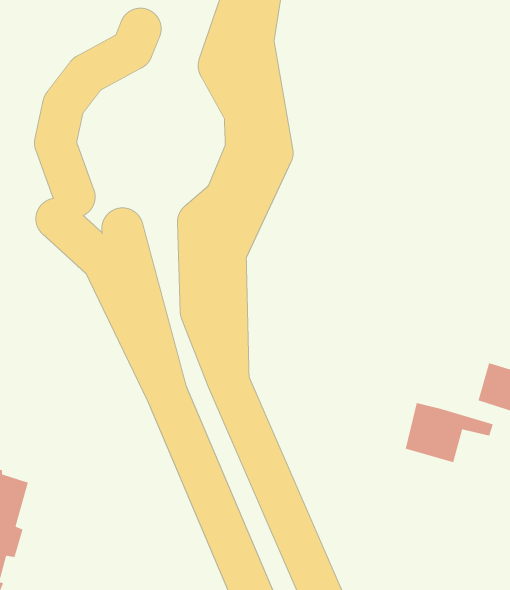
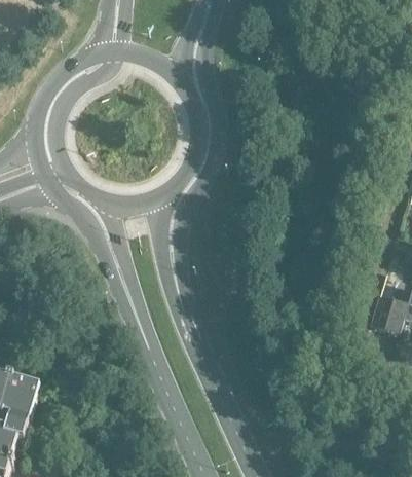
building: [405,402,494,463] -> none

